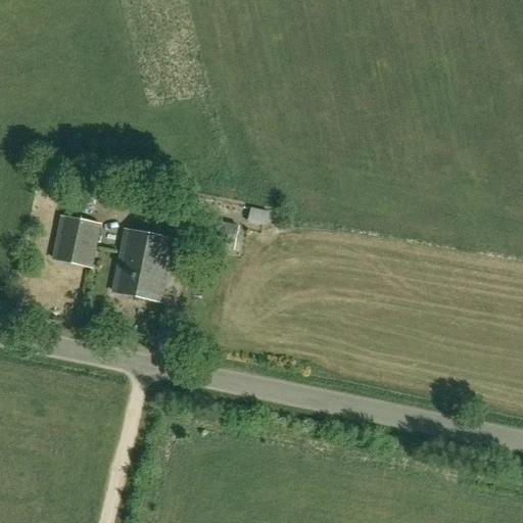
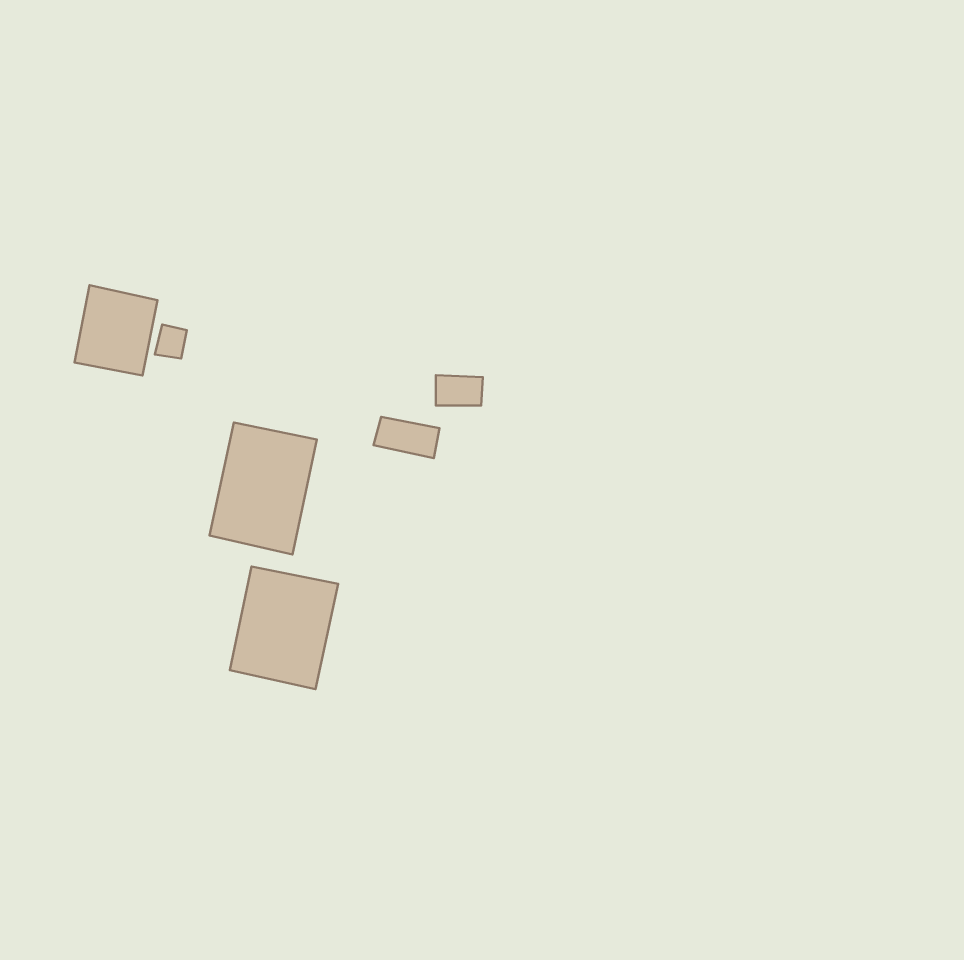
building: [54,216,99,265] -> [74,285,157,376]
building: none -> [230,566,338,689]

